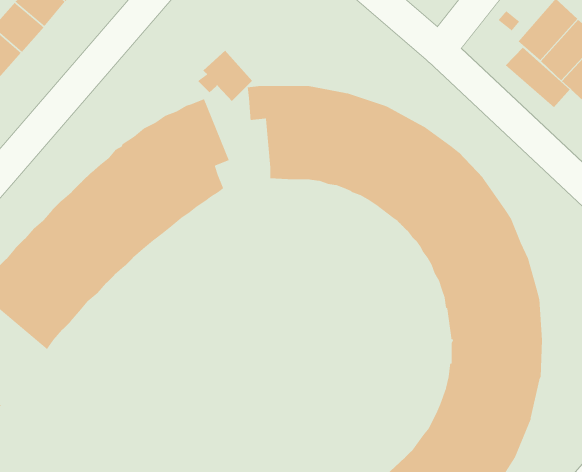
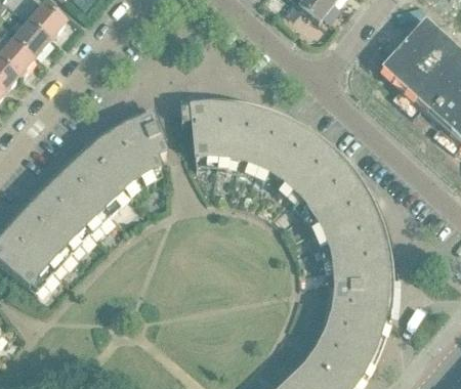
building: [505,47,570,108] -> none
building: [197,50,253,102] -> none

